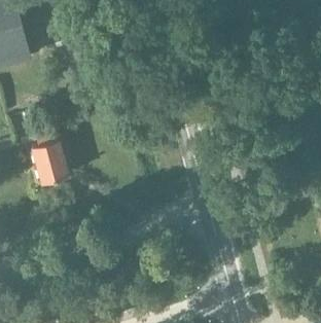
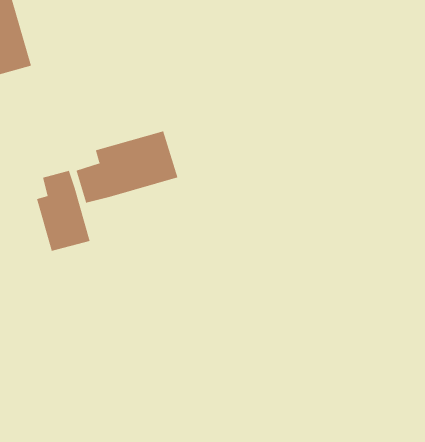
building: none -> [76,130,178,203]

